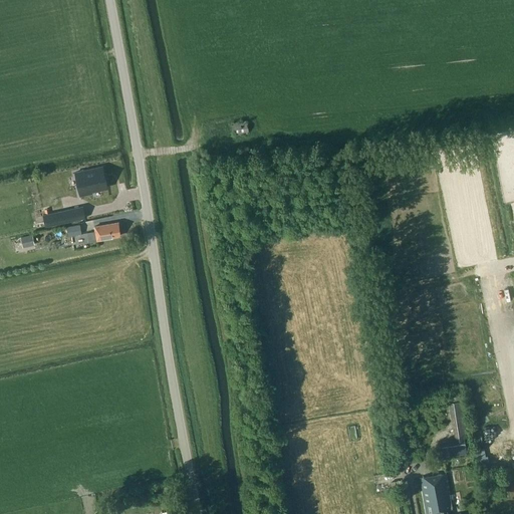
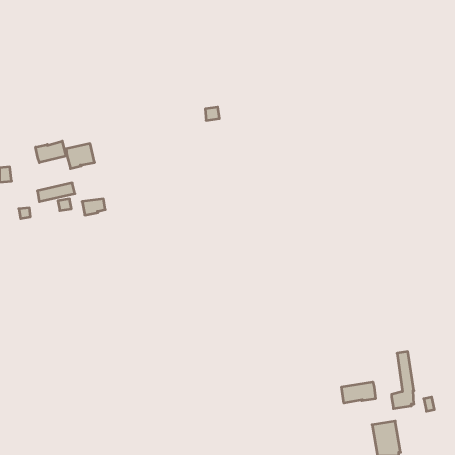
building: none -> [36,141,66,163]
building: none -> [342,382,375,403]

